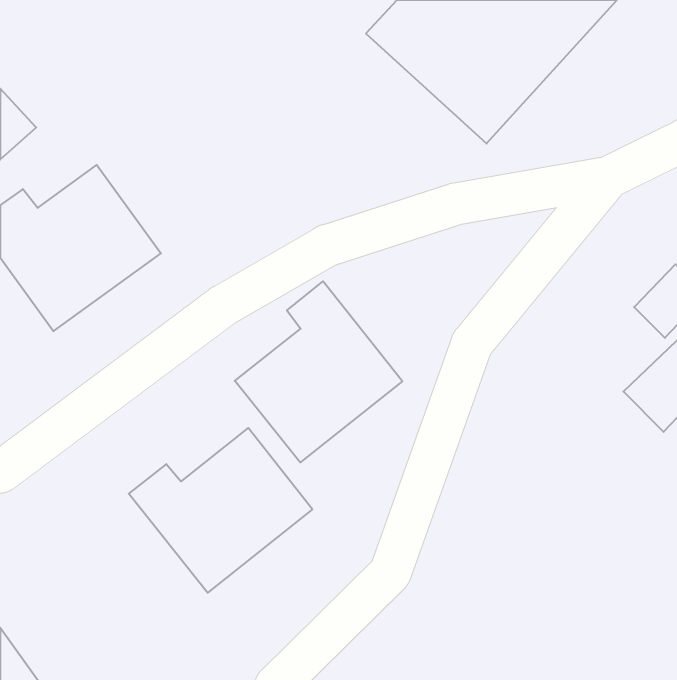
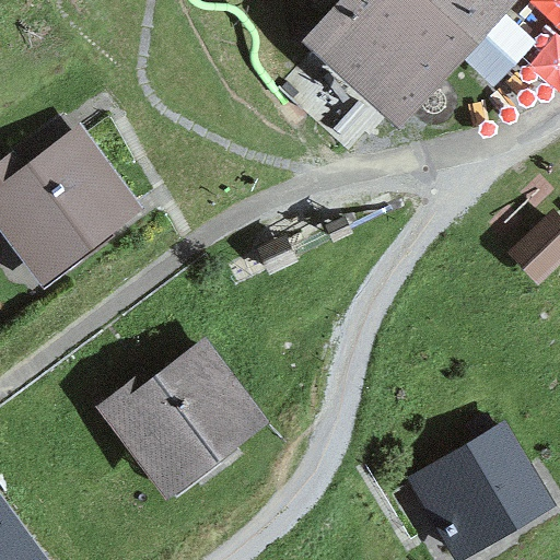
building: [235,281,402,462] -> none
building: none -> [427,436,546,552]

